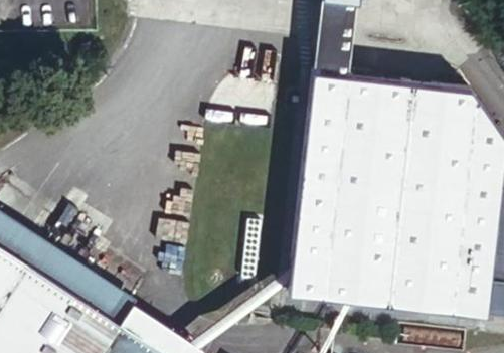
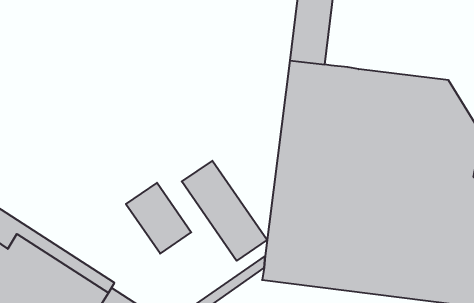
building: none -> [182,161,267,261]
building: none -> [126,183,191,254]

